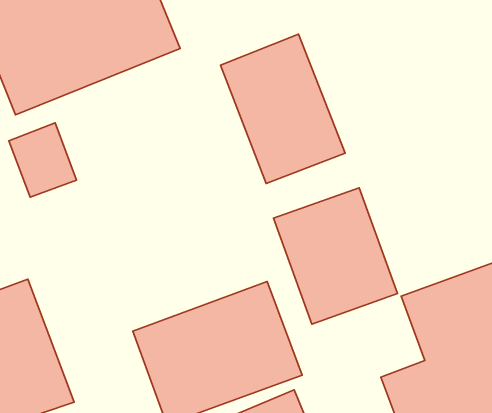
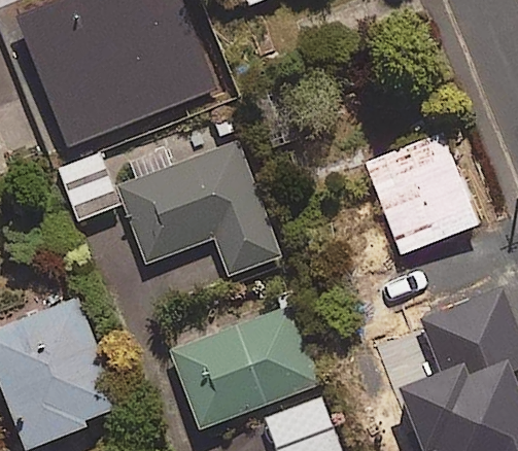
building: [220,34,345,183] -> none
building: none -> [117,143,280,277]
building: [274,188,398,324] -> [368,133,481,257]

